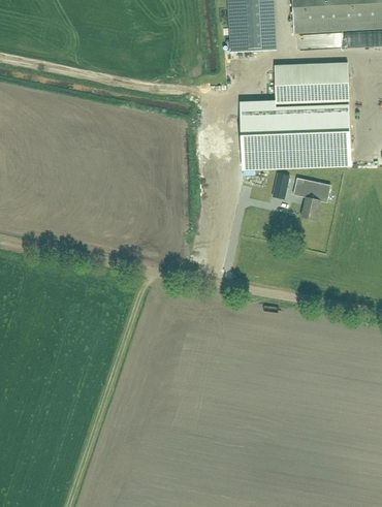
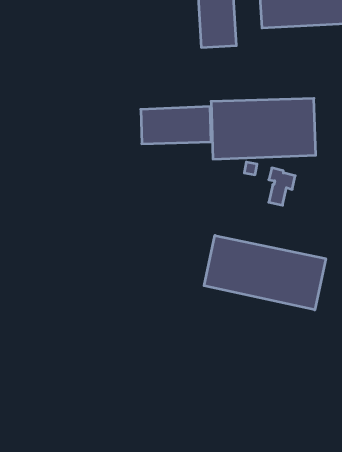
building: [274,63,348,102] -> [141,107,211,144]
building: none -> [204,235,326,310]

